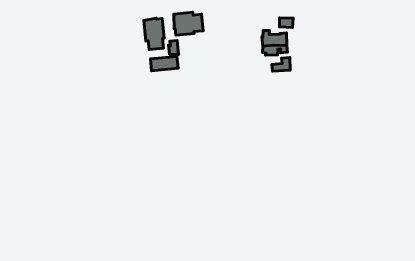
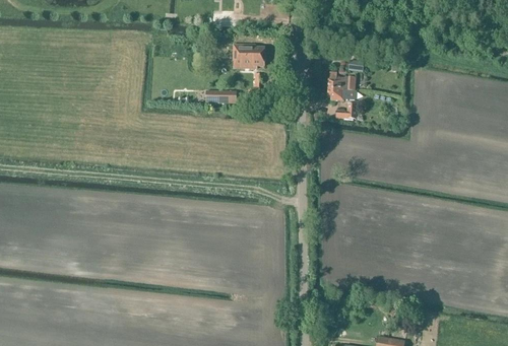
building: [144,18,164,50] -> none

